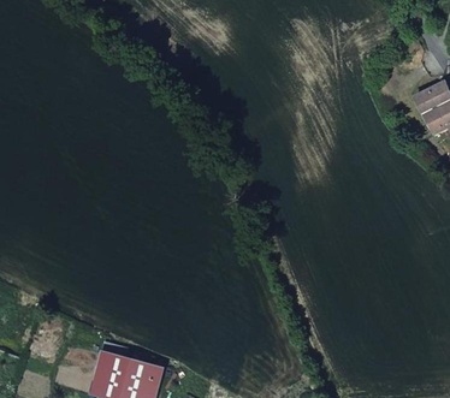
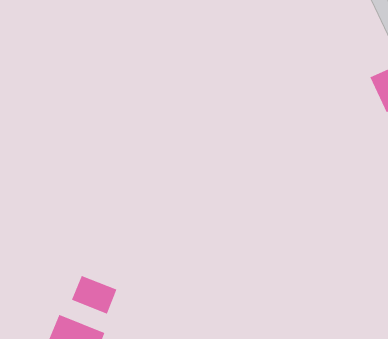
building: none -> [71,275,117,314]

